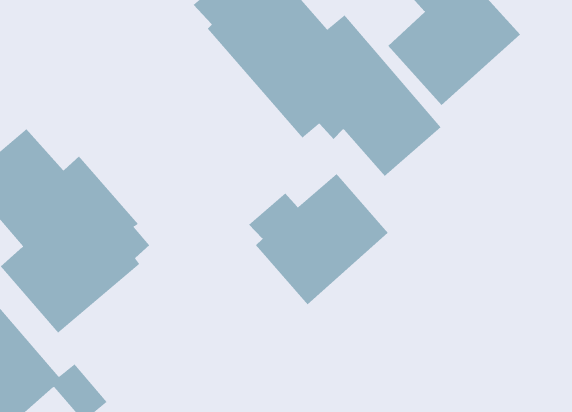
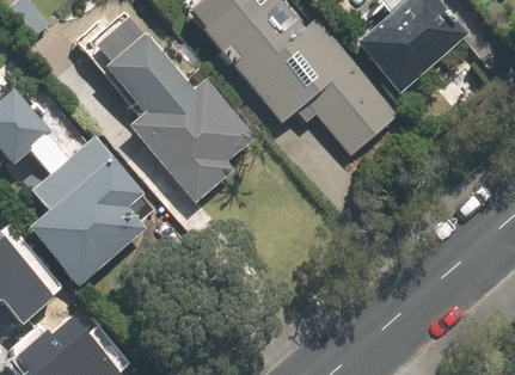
building: none -> [82,11,256,201]
building: [248,173,389,305] -> none

